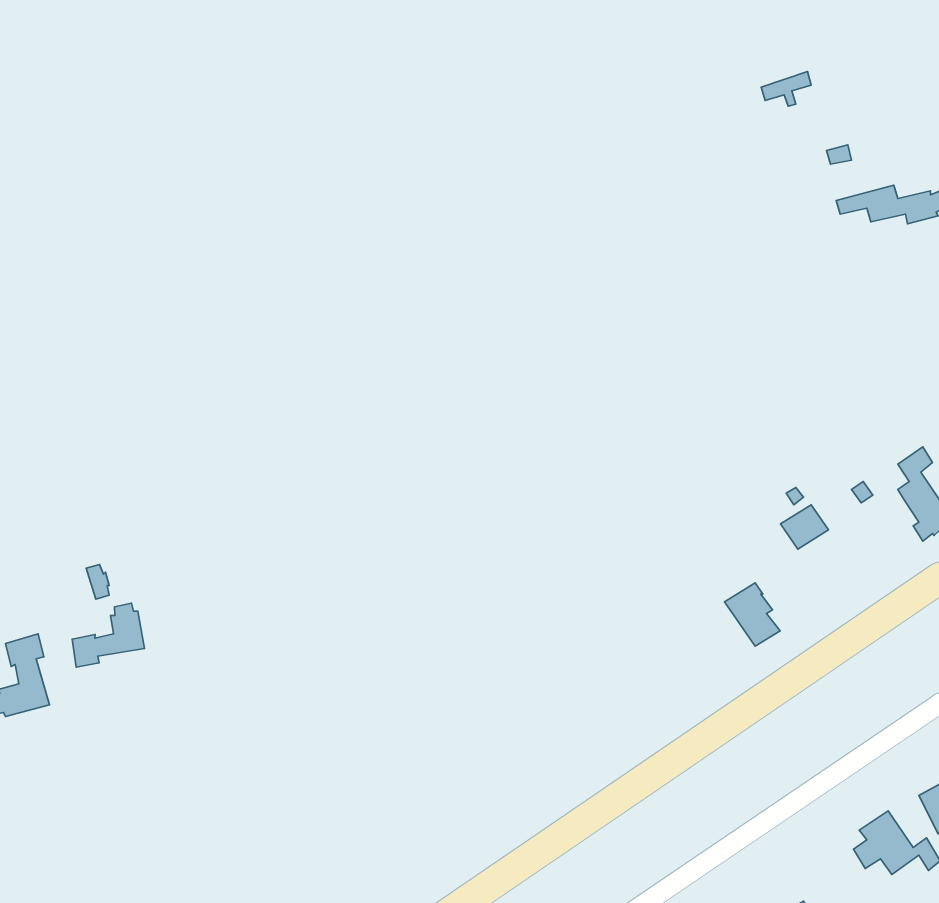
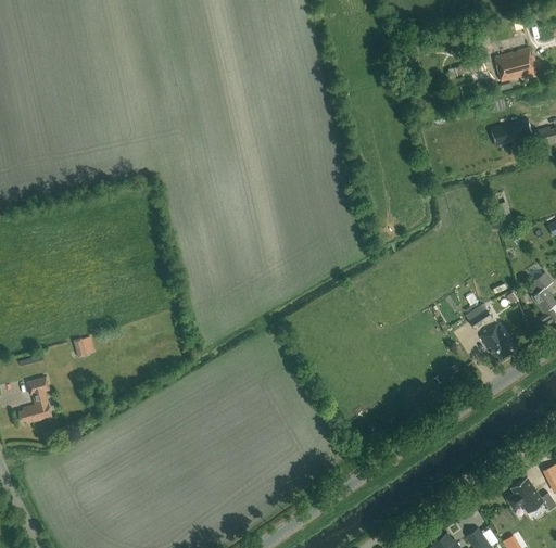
building: none -> [494,48,540,81]
building: [724,583,780,646] -> [479,324,510,360]
building: [72,603,144,667] -> none

